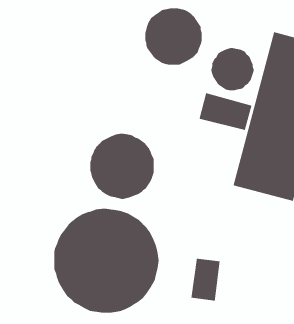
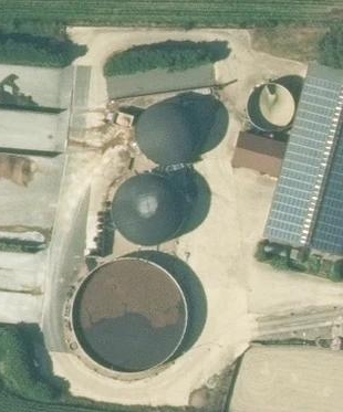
building: [144,8,202,66] -> [134,103,198,167]
building: [190,258,220,302] -> none

